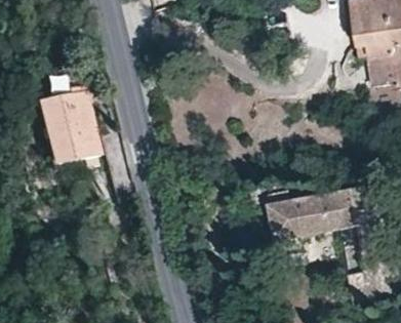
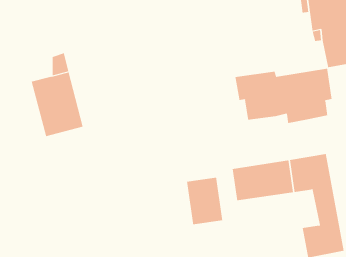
building: none -> [235,68,332,124]
building: none -> [187,177,223,225]

